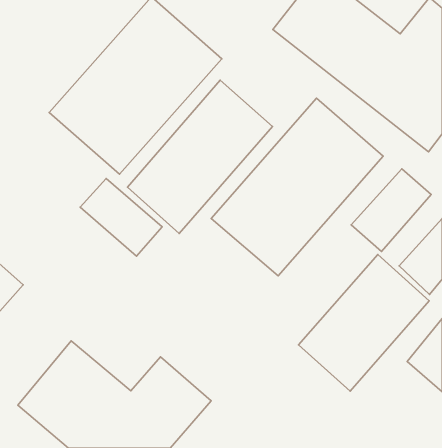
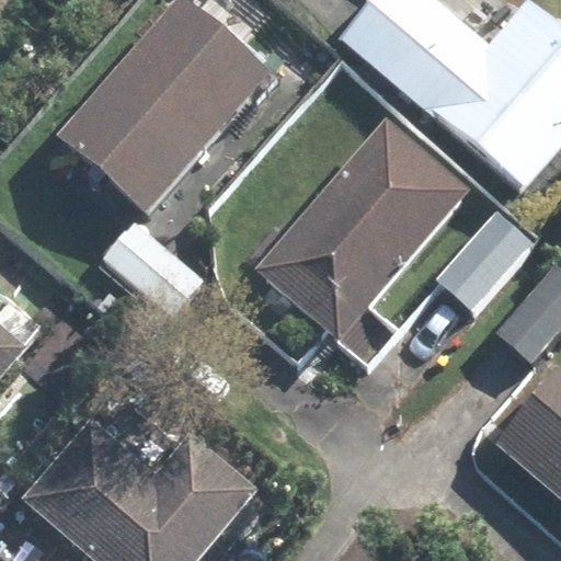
building: [128,80,272,233] -> none
building: [298,255,429,391] -> none

